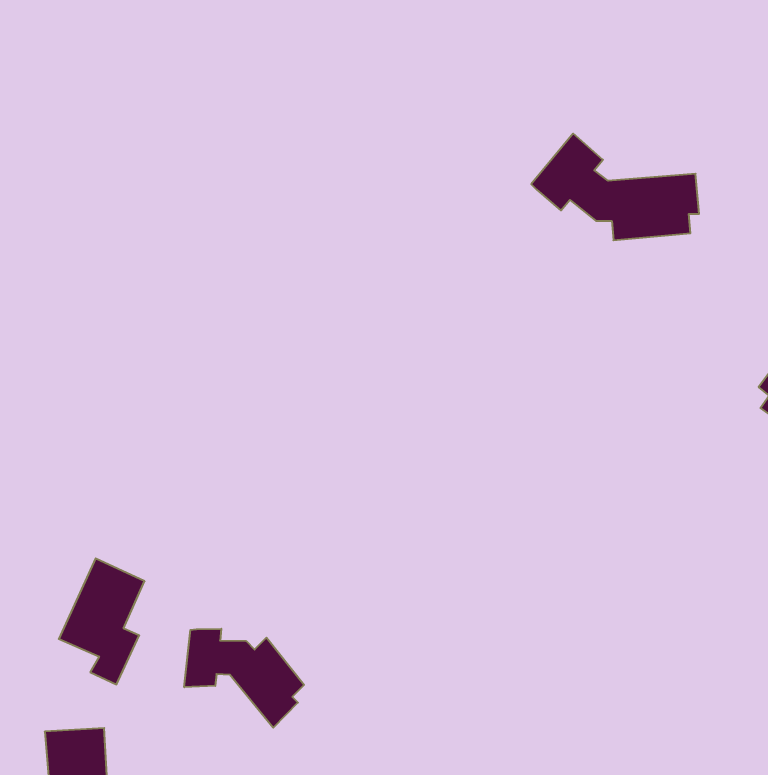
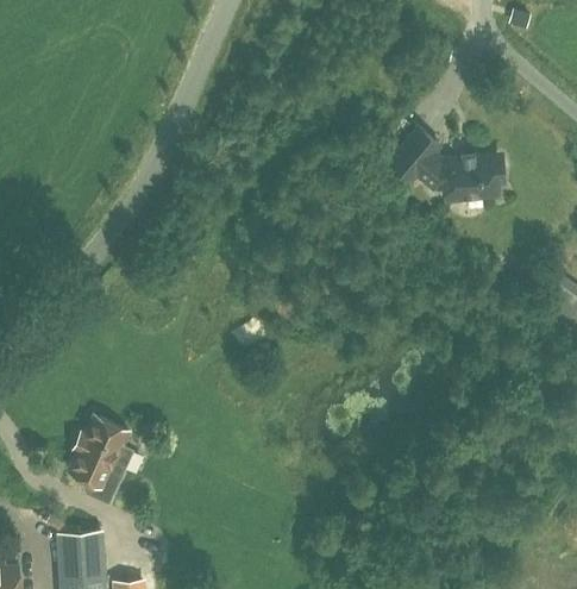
building: [184,629,304,728] -> none

